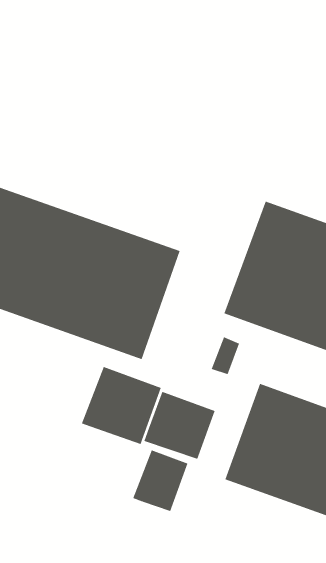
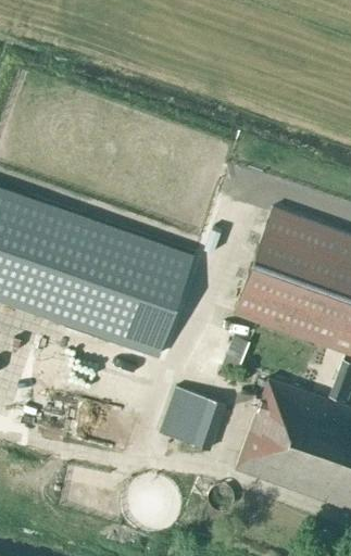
building: [81,366,161,445] -> none
building: [133,450,188,512] -> none

